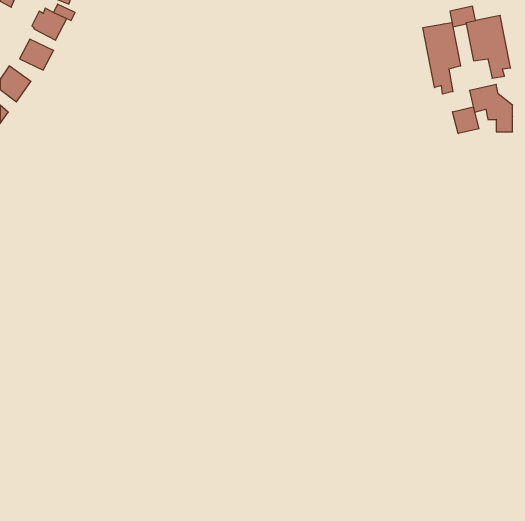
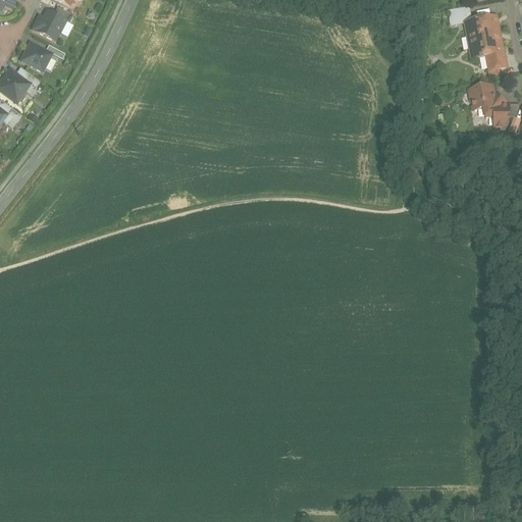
building: [423,23,461,94] -> none
building: [452,107,479,134] -> none

